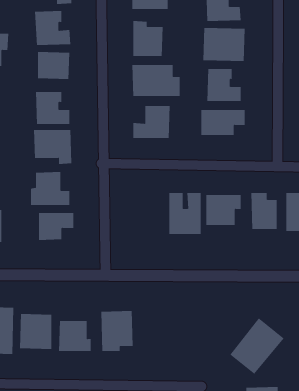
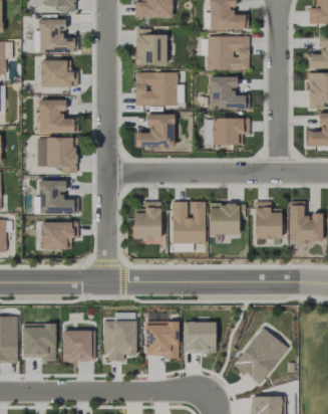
building: none -> [134,201,161,239]
building: none -> [146,321,180,357]
building: none -> [184,322,217,353]

